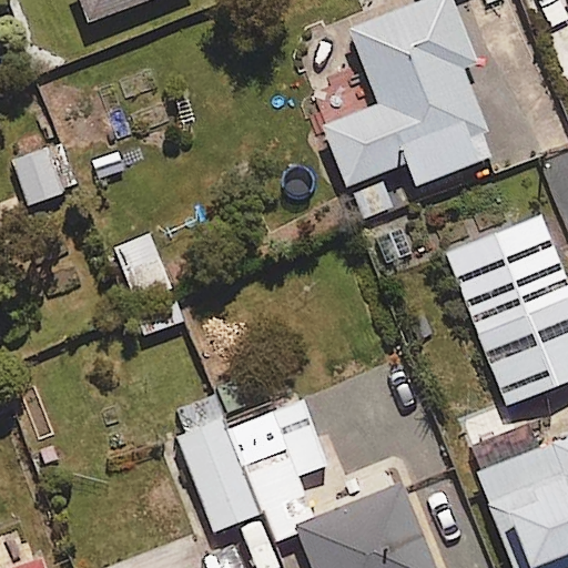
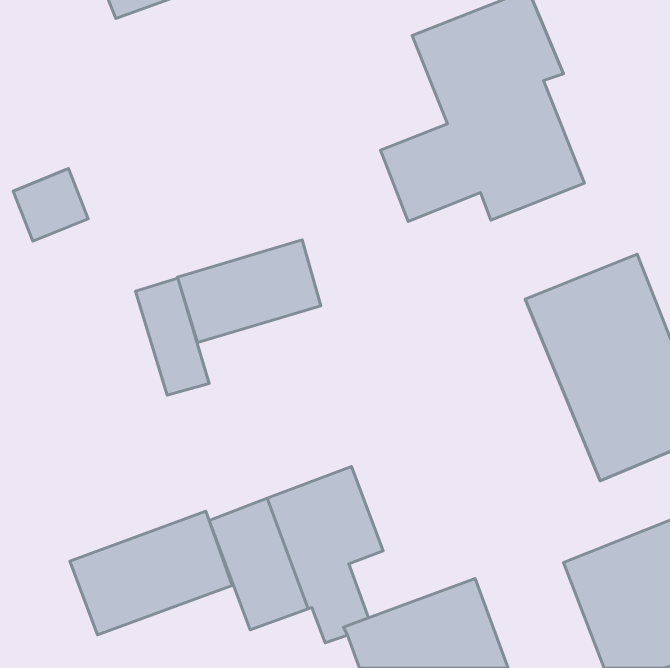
building: none -> [177,240,321,342]
building: none -> [70,511,232,635]

